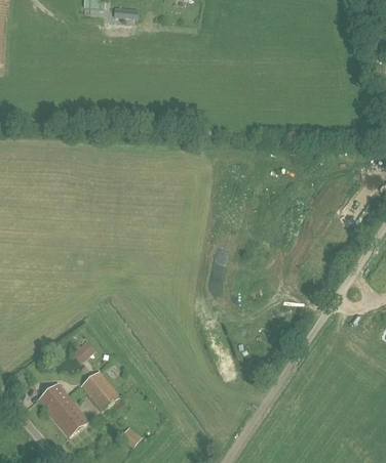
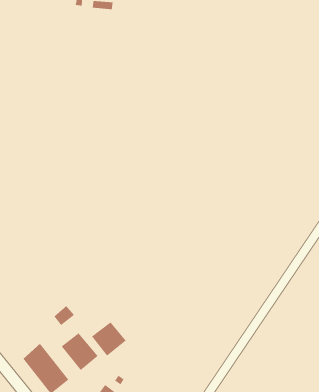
building: none -> [91,321,126,357]

